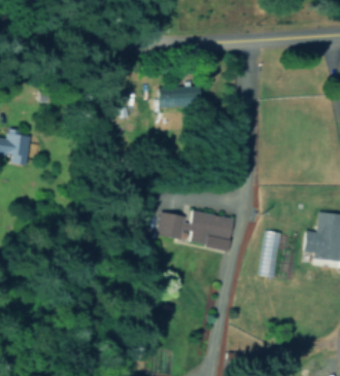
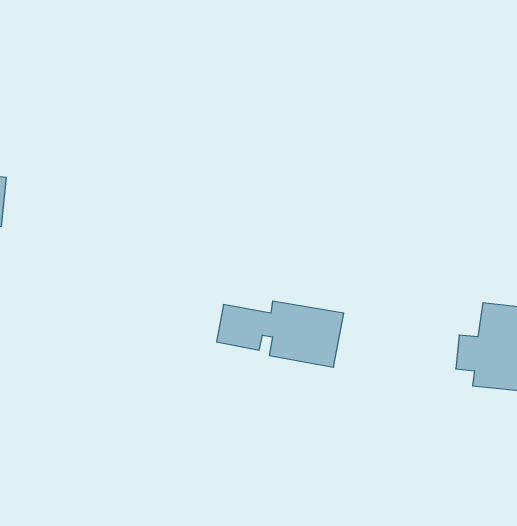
building: [156,87,198,107] -> none
building: [259,230,282,277] -> none

